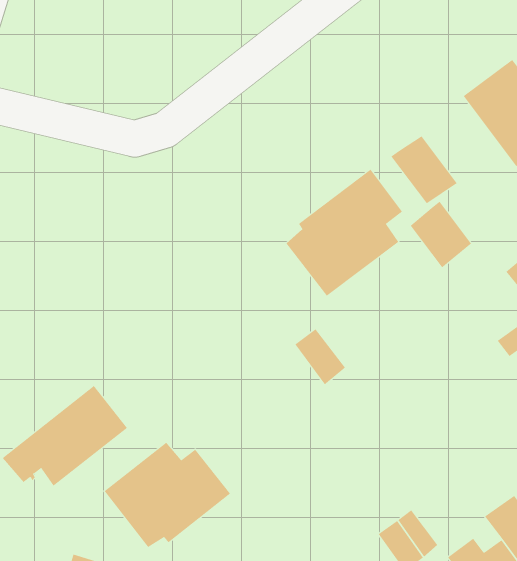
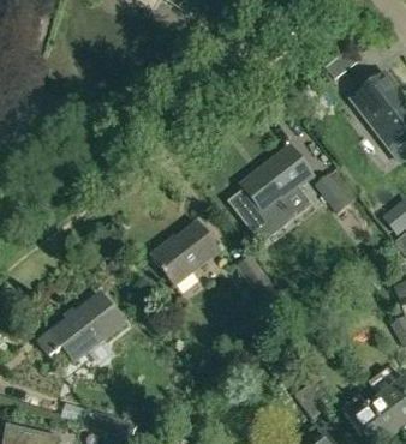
building: [391,135,458,204] -> none
building: none -> [151,223,220,284]
building: [104,442,231,548] -> none

